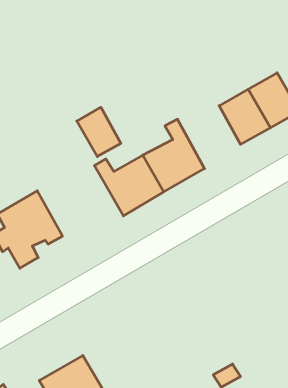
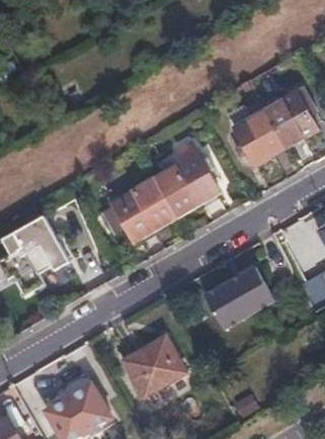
building: [77,107,121,157] -> none
building: none -> [204,266,272,329]
building: none -> [124,336,186,399]

